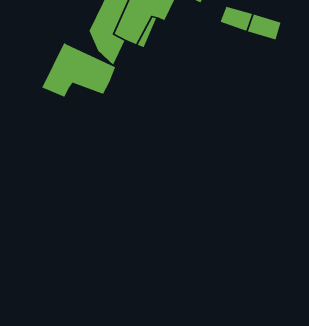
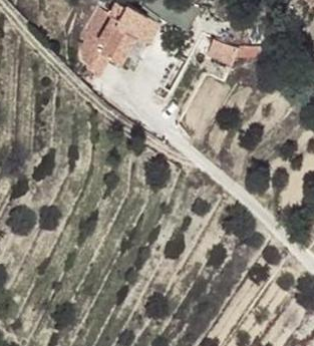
building: [41,42,116,98] -> none

